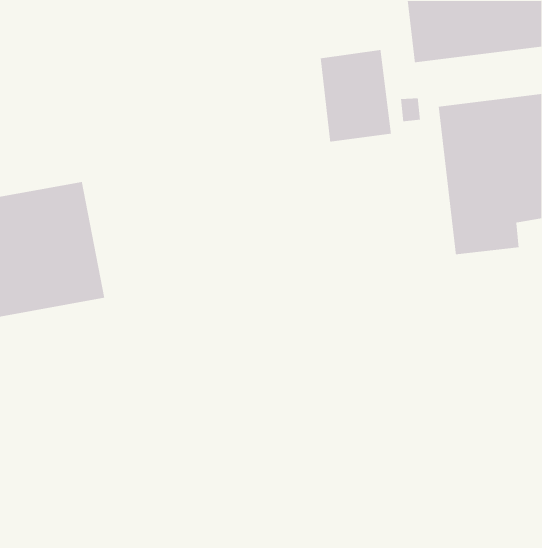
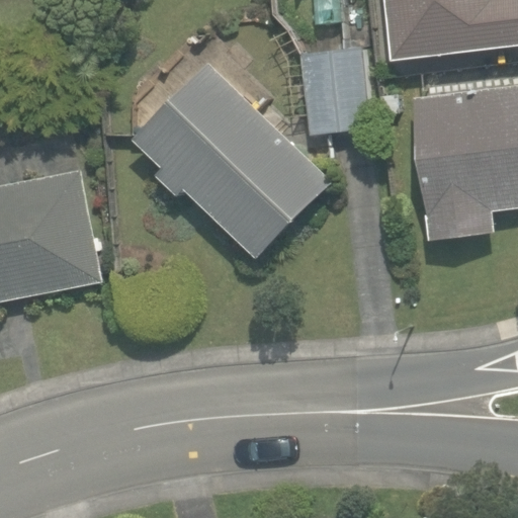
building: none -> [136,62,332,256]

